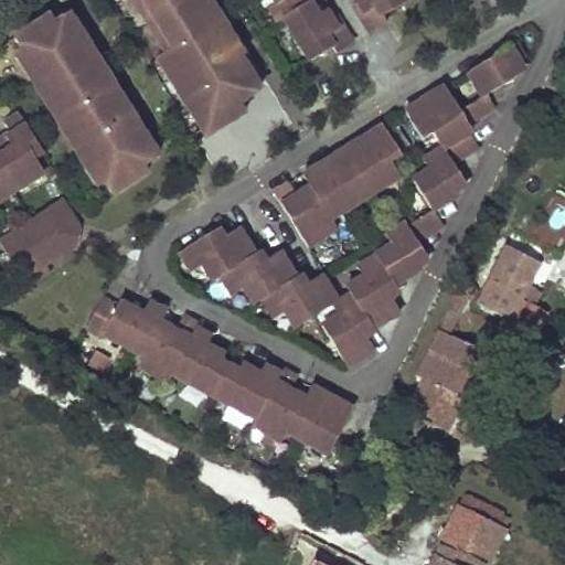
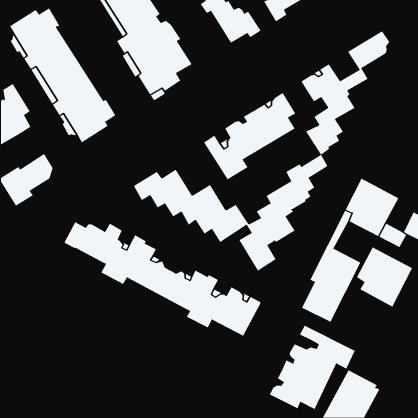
building: none -> [356,247,413,308]
building: none -> [269,325,356,410]

